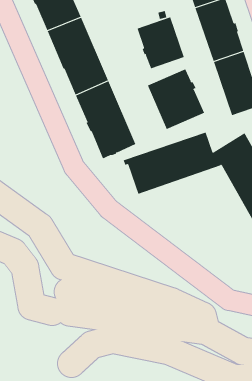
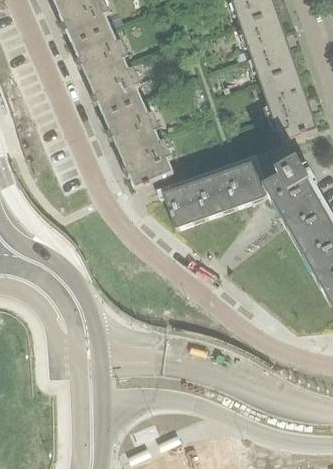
building: [137,17,185,69] -> none
building: [147,68,205,130] -> none

